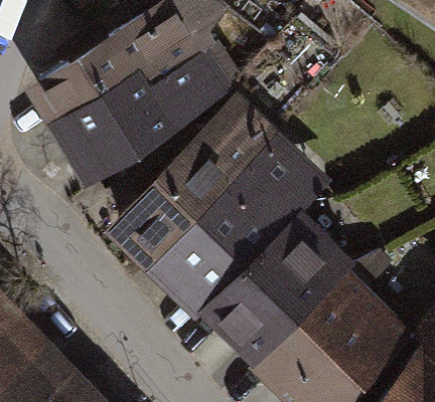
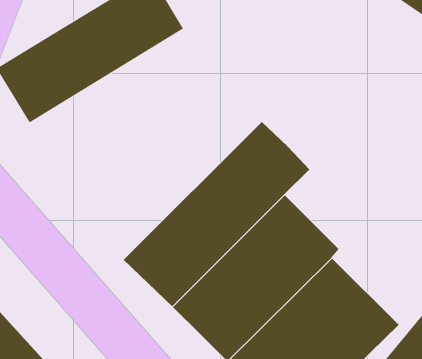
building: [58,49,235,185] -> none
building: [107,96,281,270] -> none

